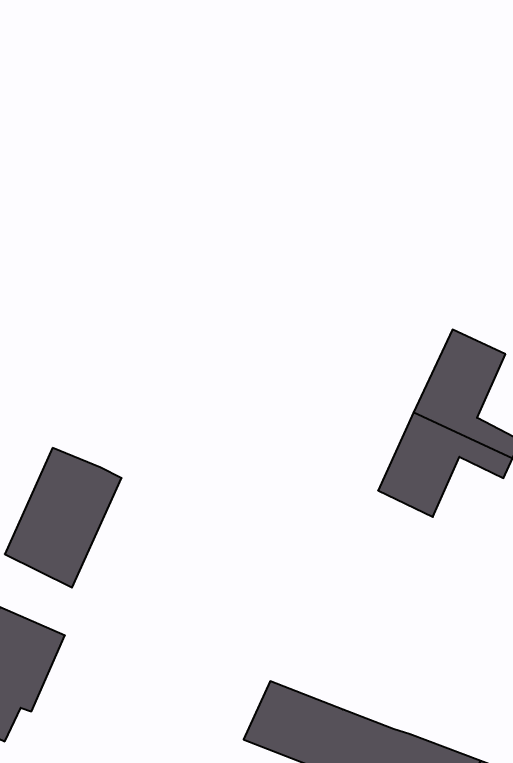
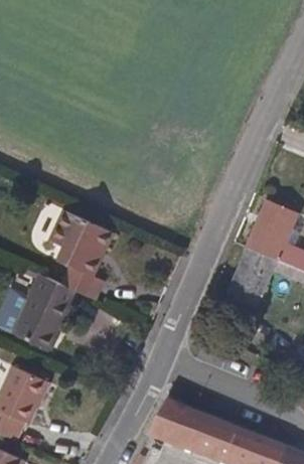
building: none -> [53,206,116,294]

